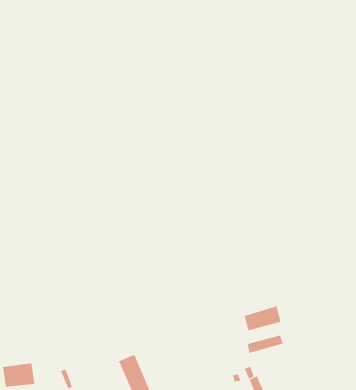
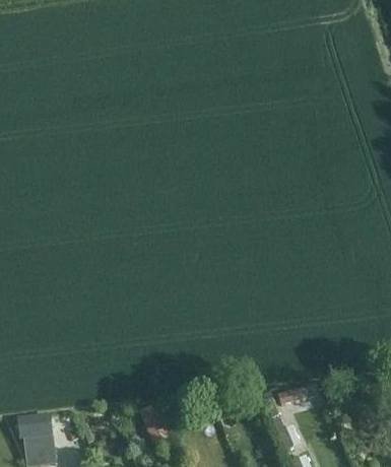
building: [244,306,281,331] -> none

